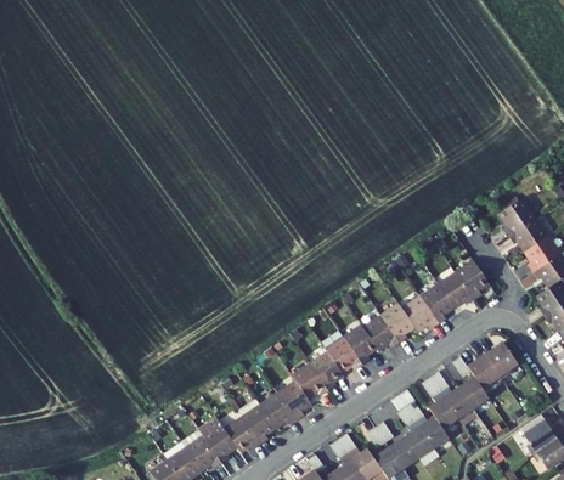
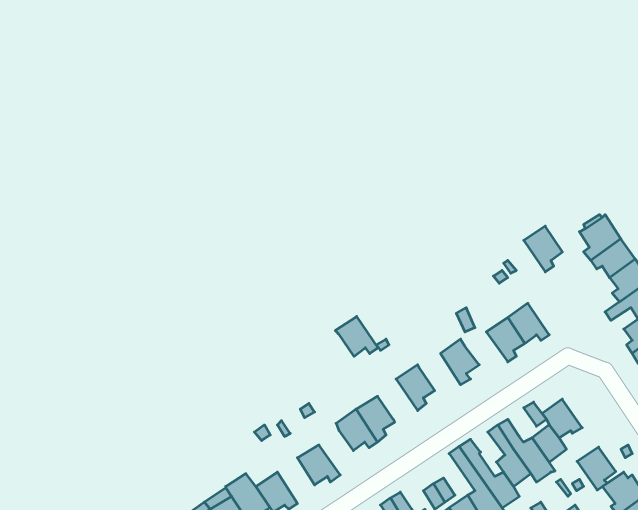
building: [456,260,489,299] -> [524,226,562,272]
building: [402,297,439,331] -> none
building: [363,315,399,349] -> none
building: [326,337,362,371] -> [335,316,378,356]
building: [485,341,518,378] -> [577,447,616,490]
building: [278,380,311,418] -> none
building: [243,403,275,442] -> none

